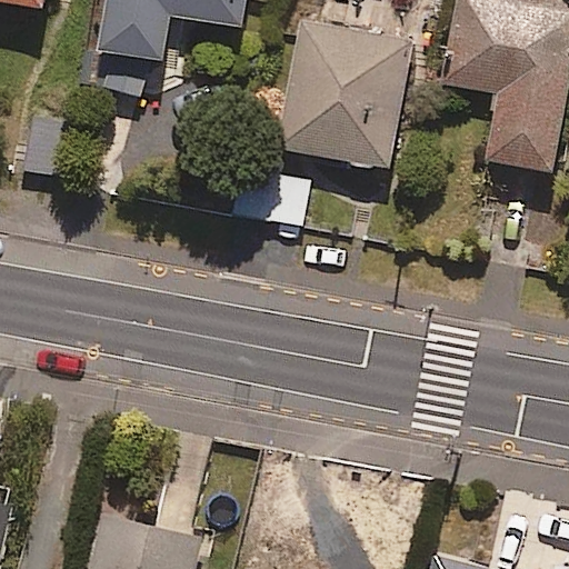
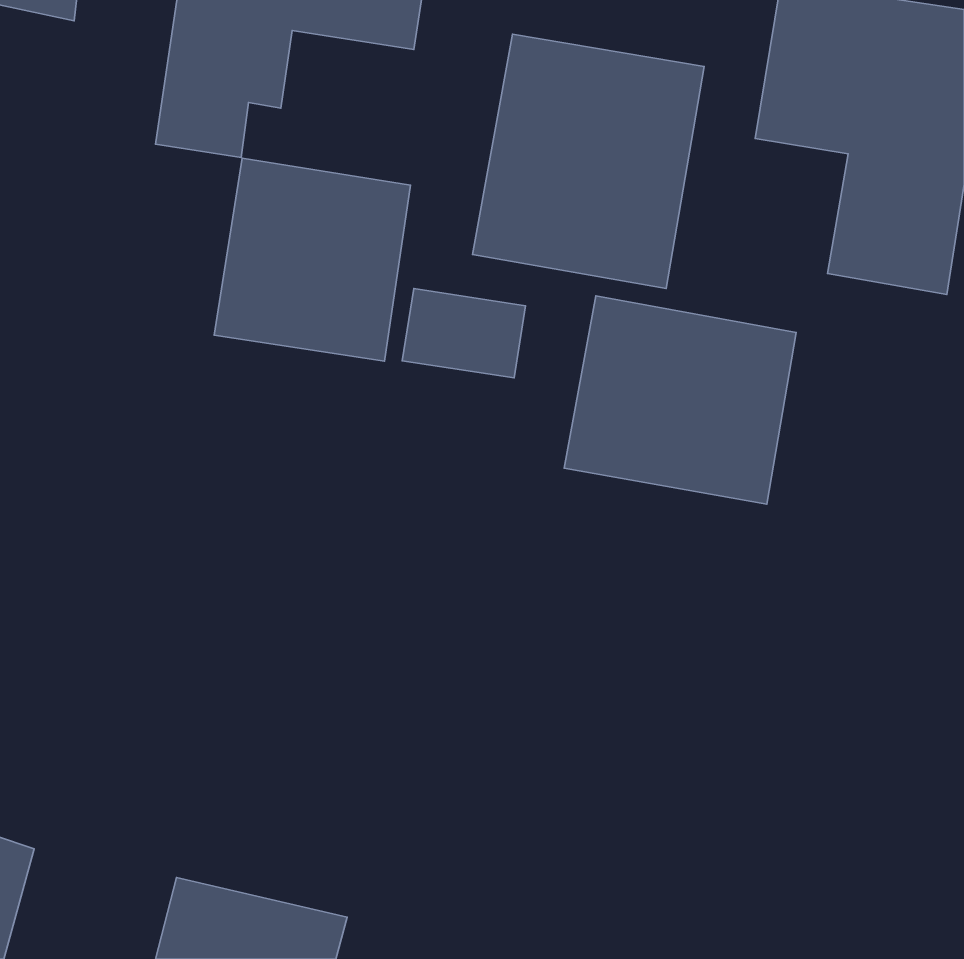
building: none -> [214,158,411,361]
building: none -> [564,296,796,504]

